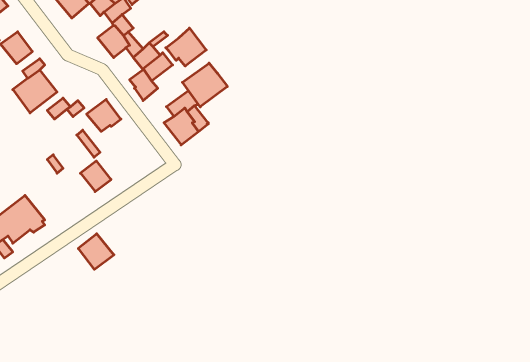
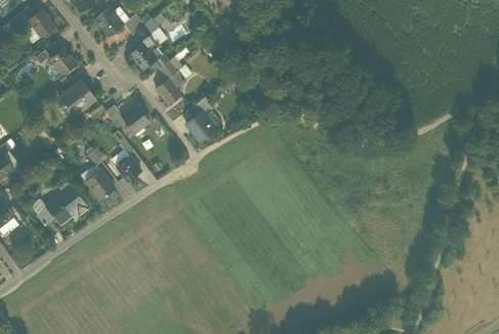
building: [166,28,206,66] -> none
building: [182,63,227,107] -> none
building: [78,234,114,269] -> [85,170,115,200]

